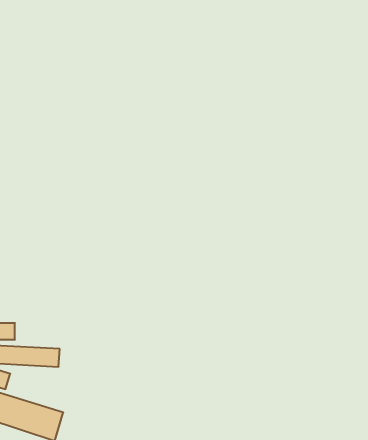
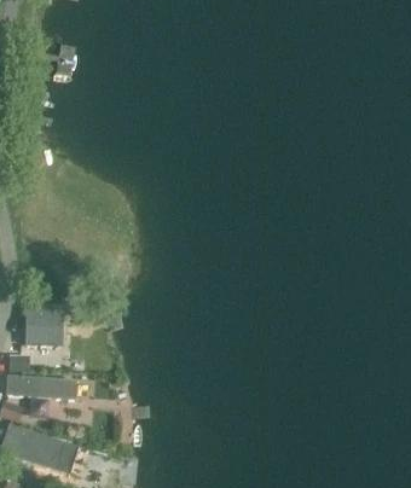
building: none -> [24,309,63,345]

